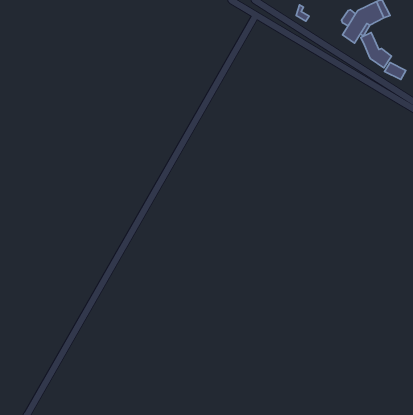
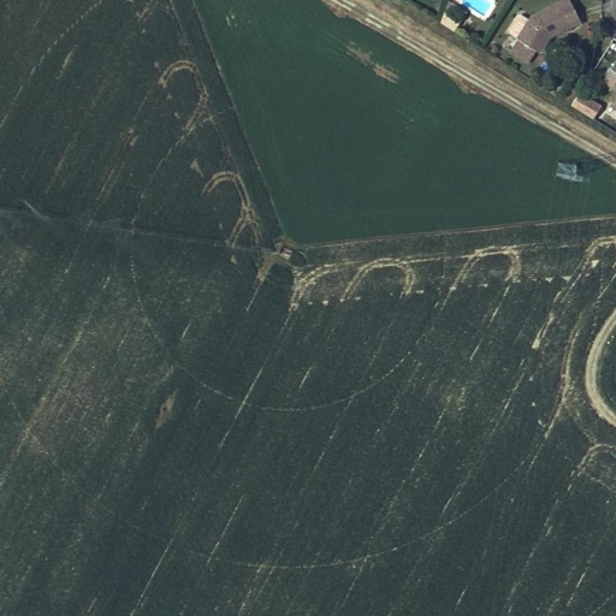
building: [361,33,391,68] -> none

